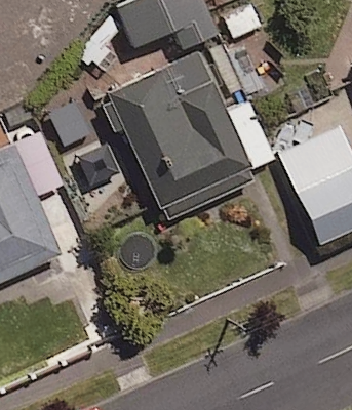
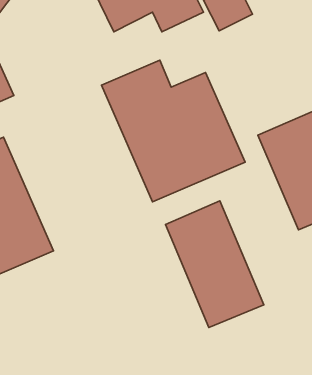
building: none -> [165,201,264,327]

